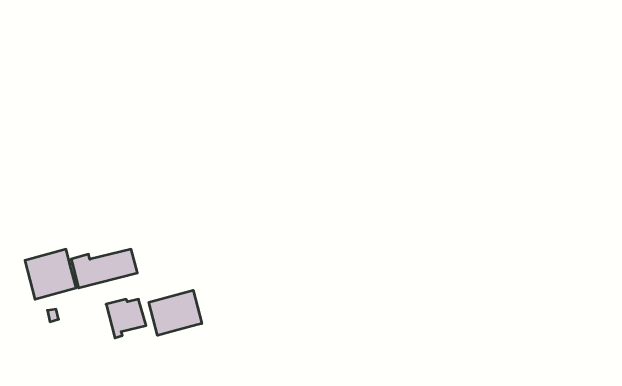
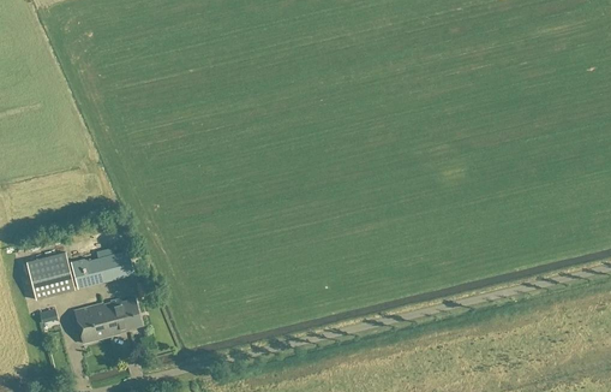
building: [149,290,202,335] -> none
building: none -> [73,303,112,343]

